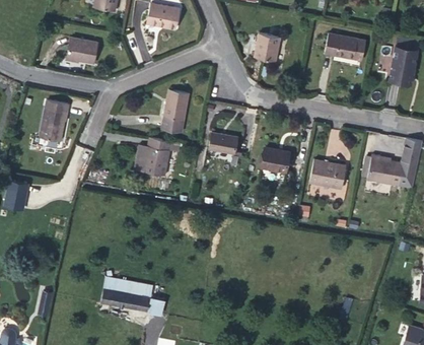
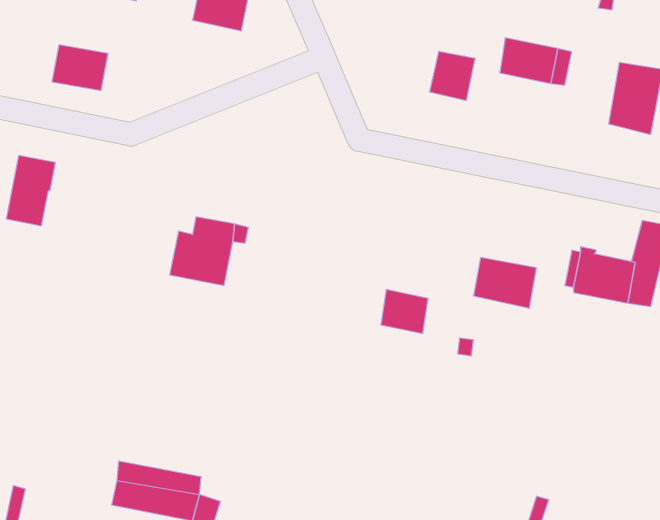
building: [254,32,280,61] -> [430,51,475,101]
building: [161,89,189,132] -> none
building: [208,131,238,153] -> none
building: [262,146,289,171] -> [381,290,428,333]

